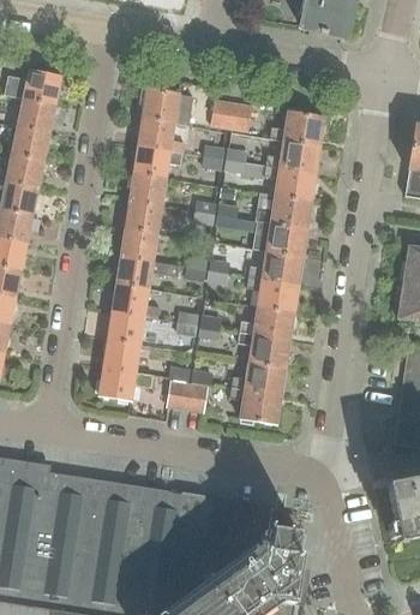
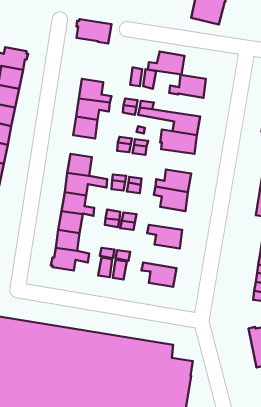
building: [142,89,193,125] -> [76,19,112,44]
building: [266,138,320,172] -> [148,52,185,74]
building: [125,199,161,232] -> none
building: [253,220,307,256] -> none
building: [240,305,294,339] -> none
building: [232,360,286,395] -> none

